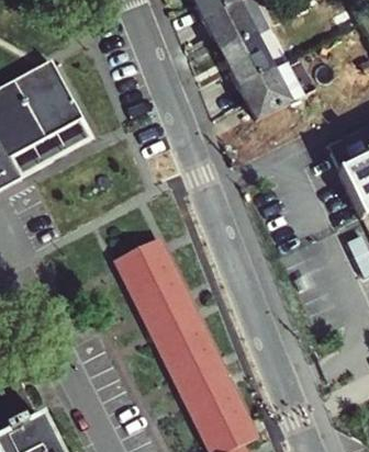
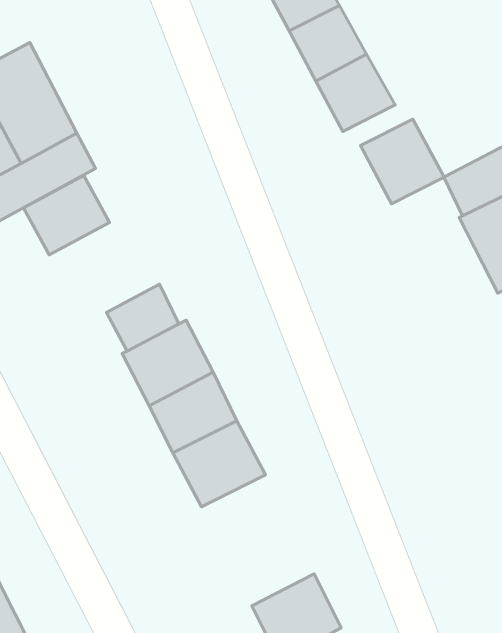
building: none -> [360,119,444,204]
building: none -> [23,175,110,255]
building: none -> [107,284,179,351]
building: [166,340,239,426] -> none

